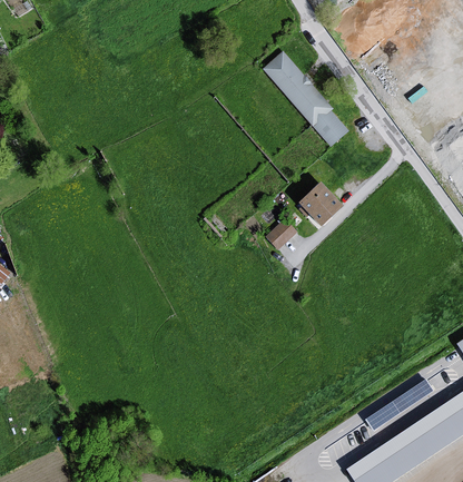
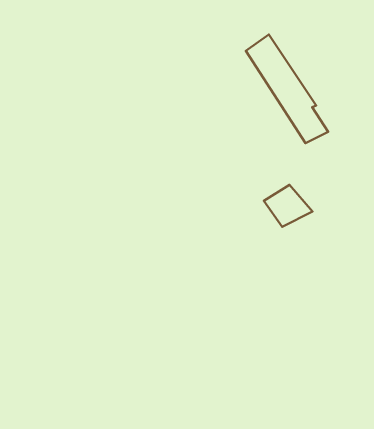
building: [266,216,298,248] -> none

